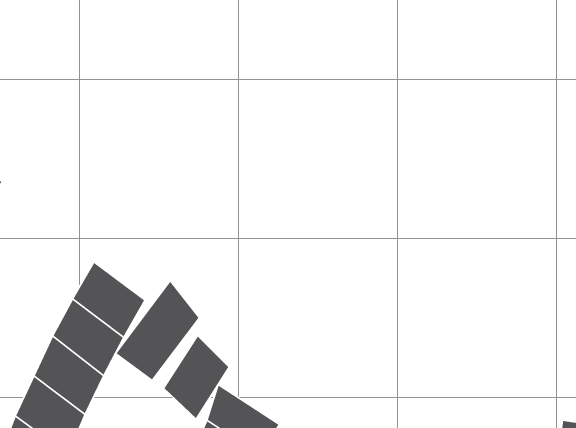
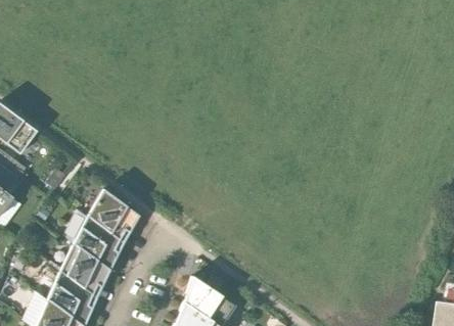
building: [115,281,199,381] -> none
building: [163,336,229,419] -> none

